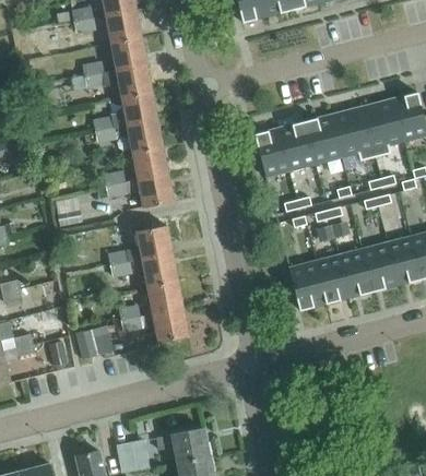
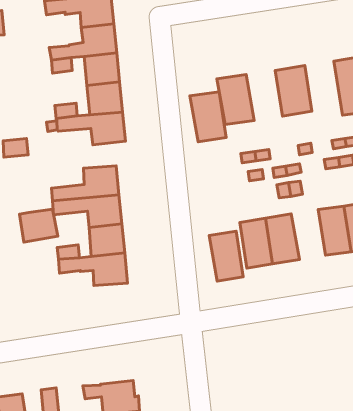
building: [336,106,377,160] -> none
building: [282,120,320,169] -> [190,92,226,142]
building: [338,248,374,297] -> [209,231,243,281]
building: [75,324,114,358] -> [20,209,58,242]

